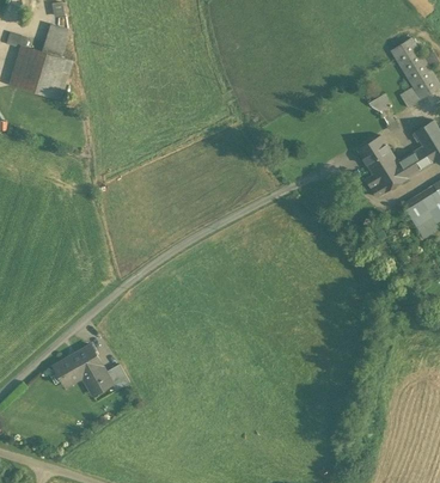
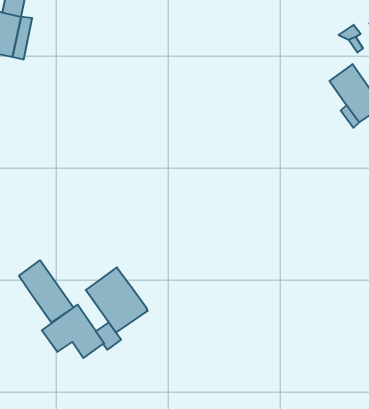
building: none -> [19,260,74,322]
building: none -> [86,267,148,333]

